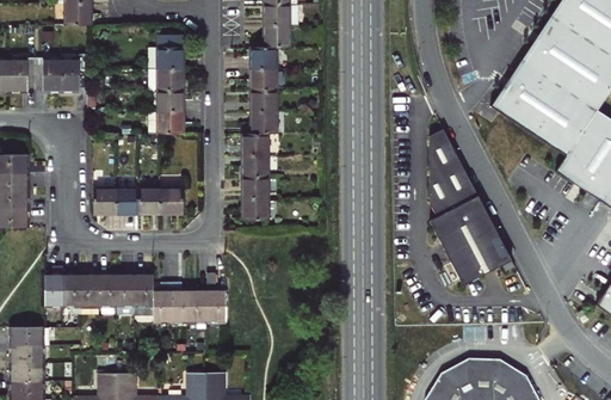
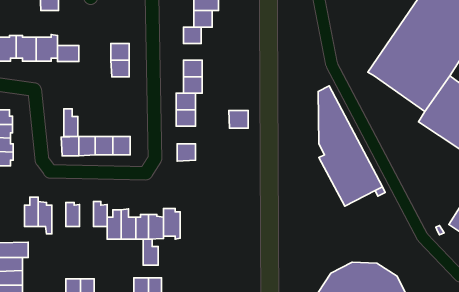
building: [158,33,181,68] -> none
building: [252,68,276,90] -> none
building: none -> [58,45,79,61]
building: [159,111,181,134] -> none
building: none -> [64,109,78,136]
building: [242,176,267,198] -> [229,111,248,128]
building: [117,273,135,315] -> none
building: [81,275,99,315] -> none
building: none -> [163,209,180,239]
building: none -> [143,239,158,265]

